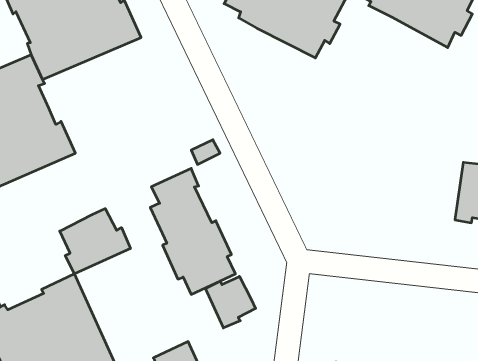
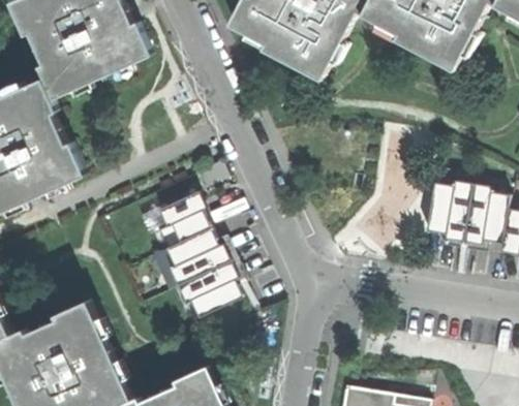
building: none -> [428,181,474,242]
building: [60,209,130,274] -> none
building: [205,276,256,328] -> none

